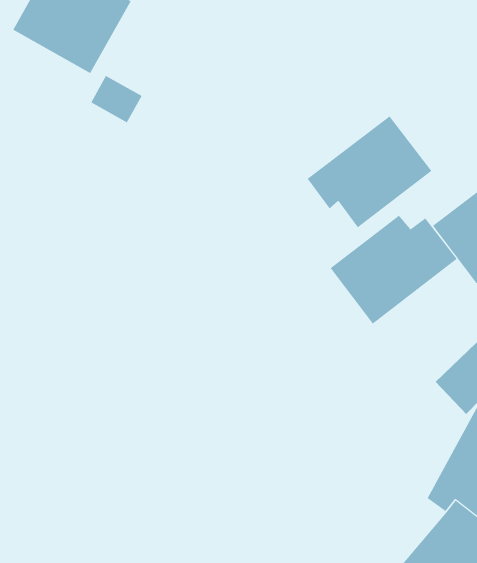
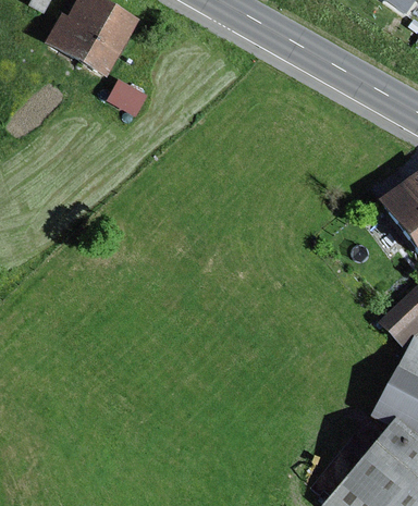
building: [307,115,432,228] -> none
building: [330,215,457,324] -> none

